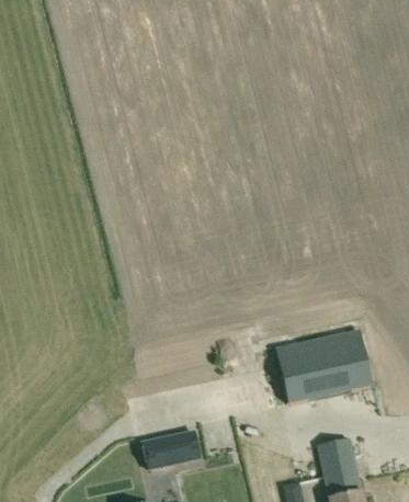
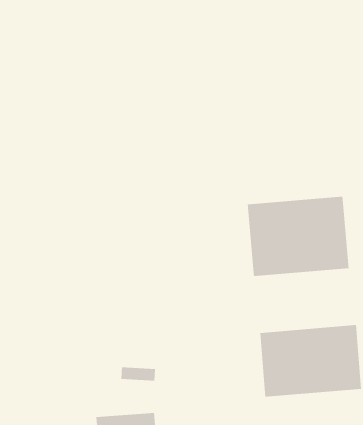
building: none -> [247,196,349,277]

